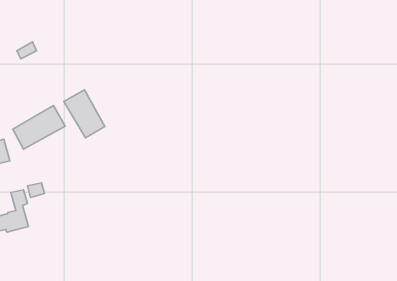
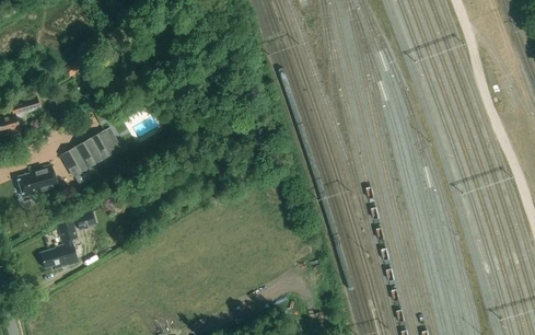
building: [64,90,105,138] -> none

